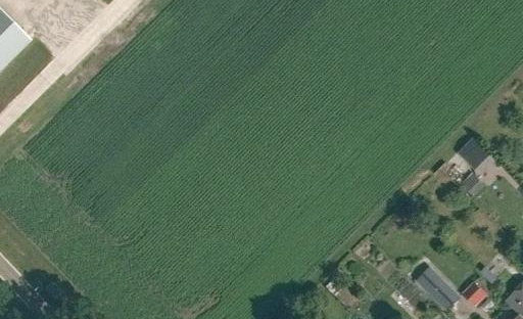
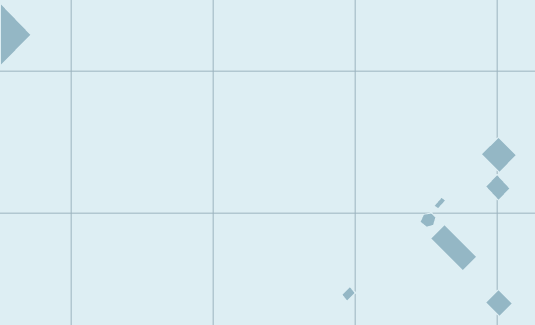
building: [417,267,461,311] -> [431,224,477,271]

